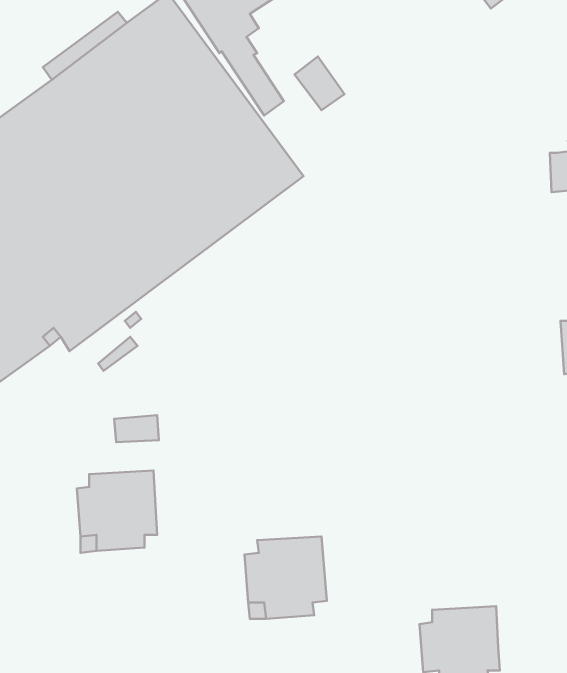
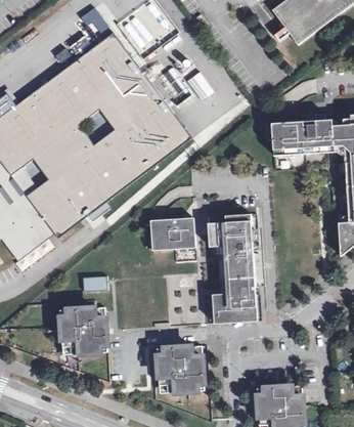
building: none -> [271,119,336,151]
building: none -> [208,213,257,323]
building: none -> [150,217,194,250]

